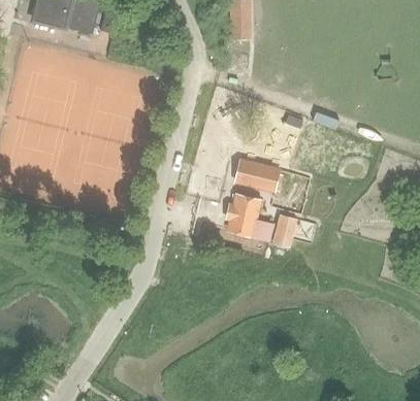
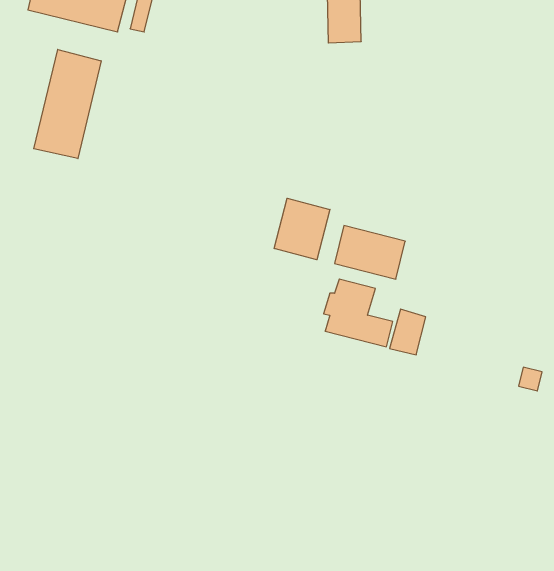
building: none -> [34,49,101,159]
building: none -> [274,198,330,260]

